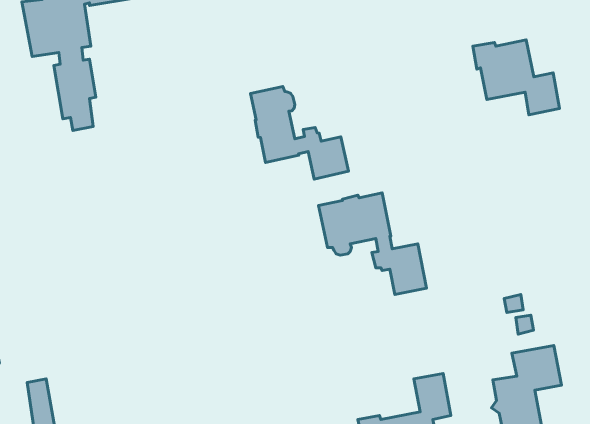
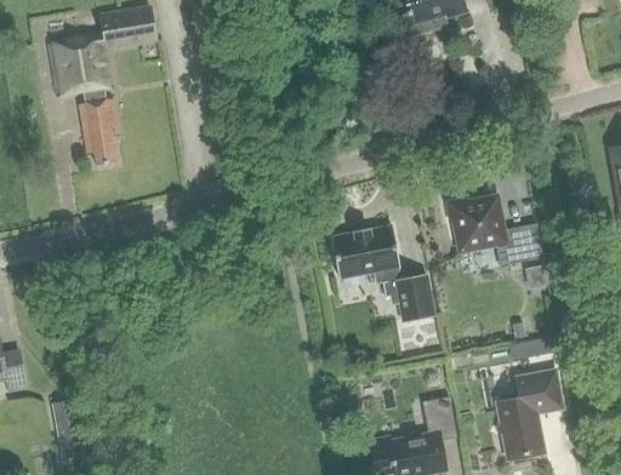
building: [473,40,559,115] -> [446,195,529,267]
building: [250,87,348,179] -> none

